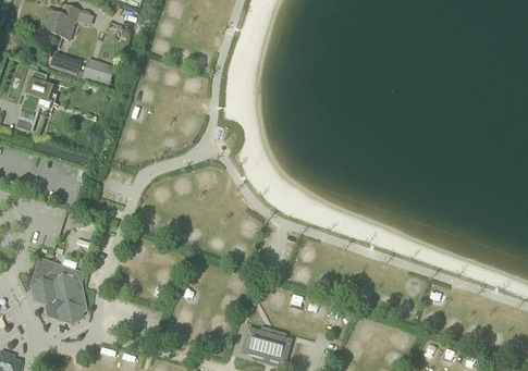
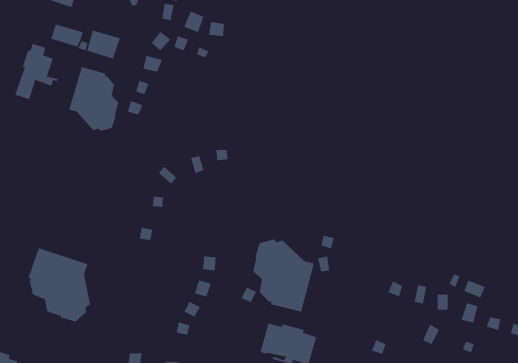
building: none -> [68,66,119,132]
building: none -> [252,239,315,313]

